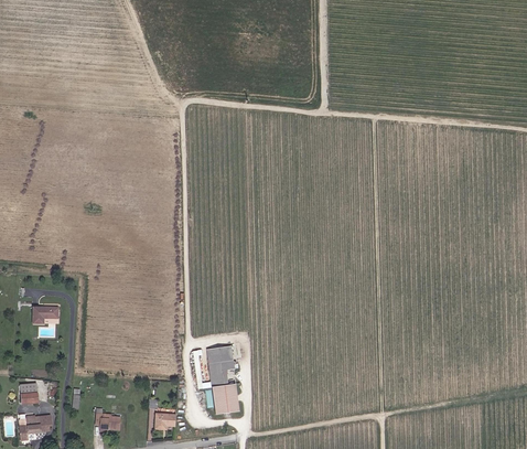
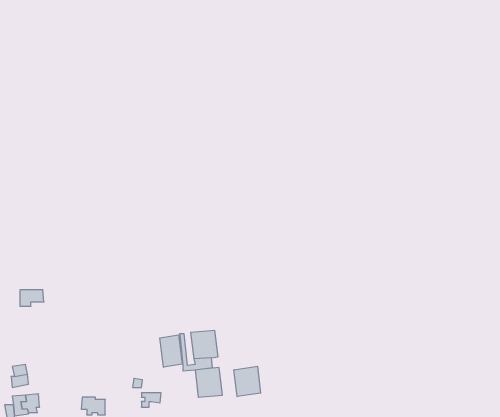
building: none -> [160,335,182,367]
building: none -> [234,366,261,397]

